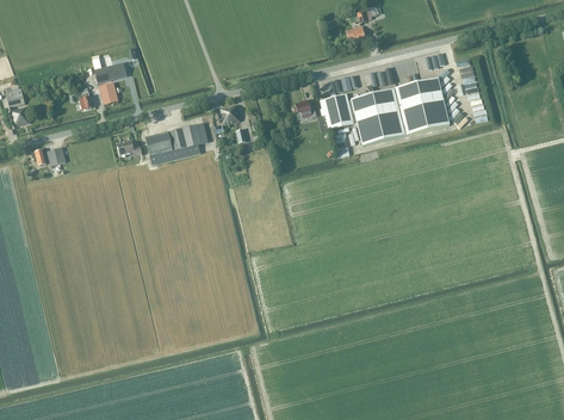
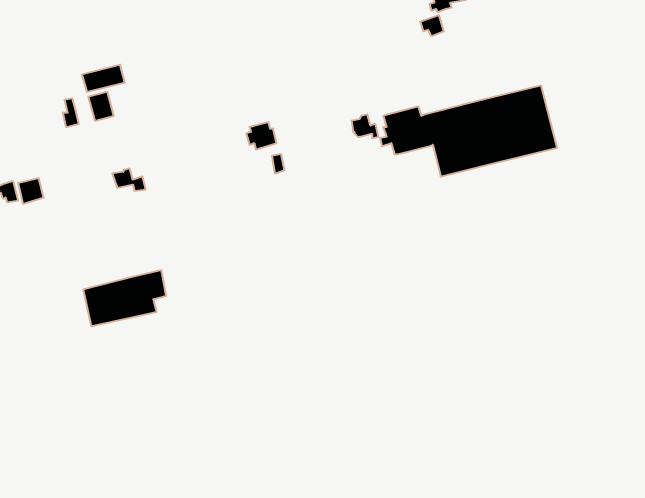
building: [144,123,206,165] -> [83,270,166,326]

